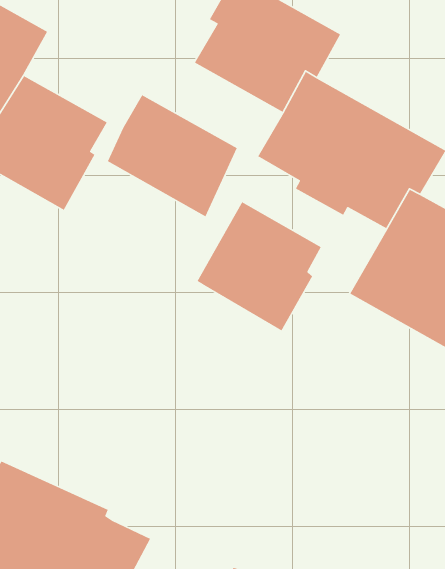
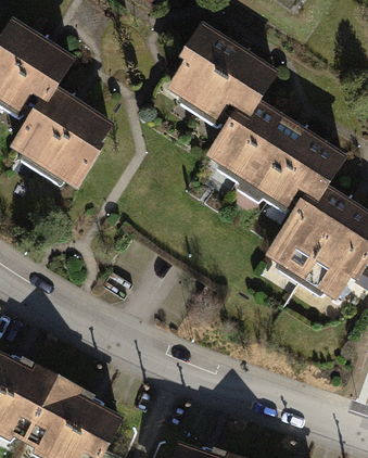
building: [107,94,238,218] -> none
building: [196,201,322,331] -> none

